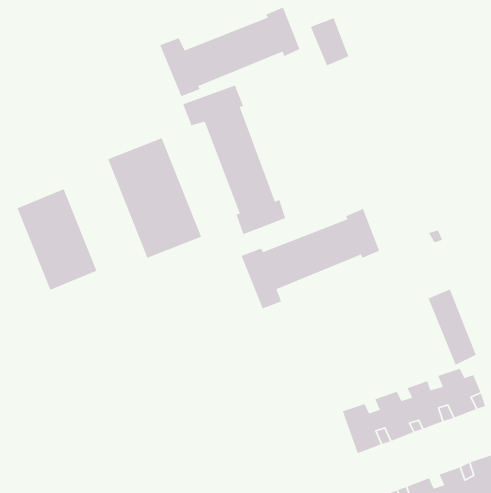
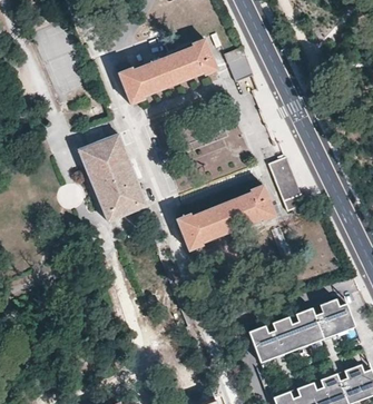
building: [182,84,286,235] -> none
building: [17,188,98,291] -> none
building: [428,289,477,366] -> [268,156,304,211]

